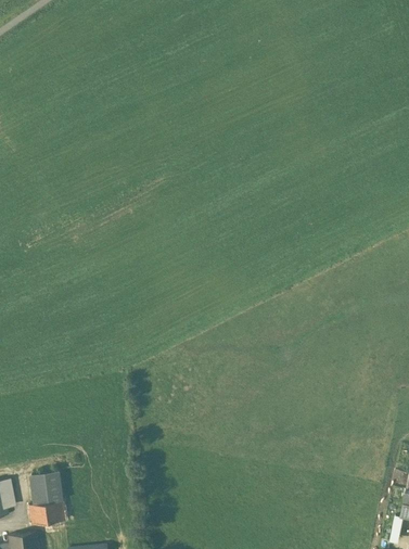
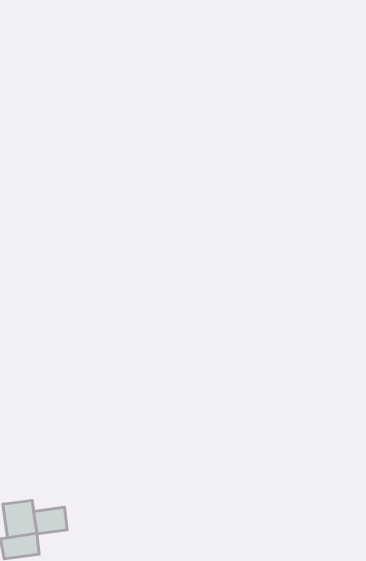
building: none -> [34,507,67,534]

